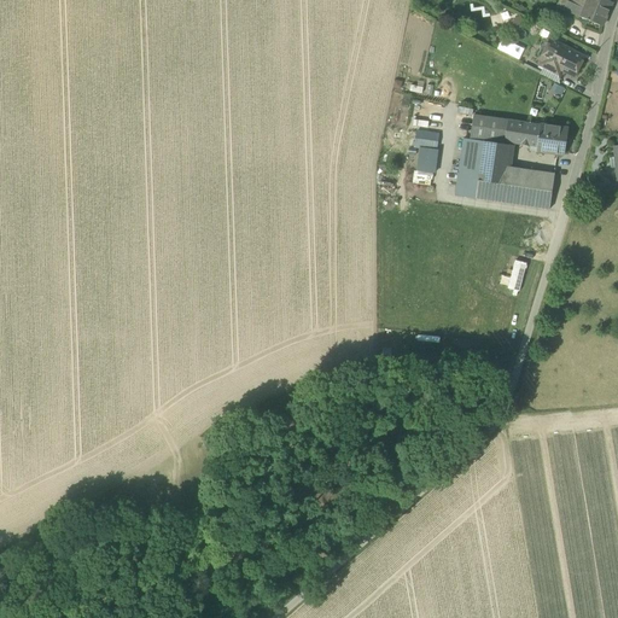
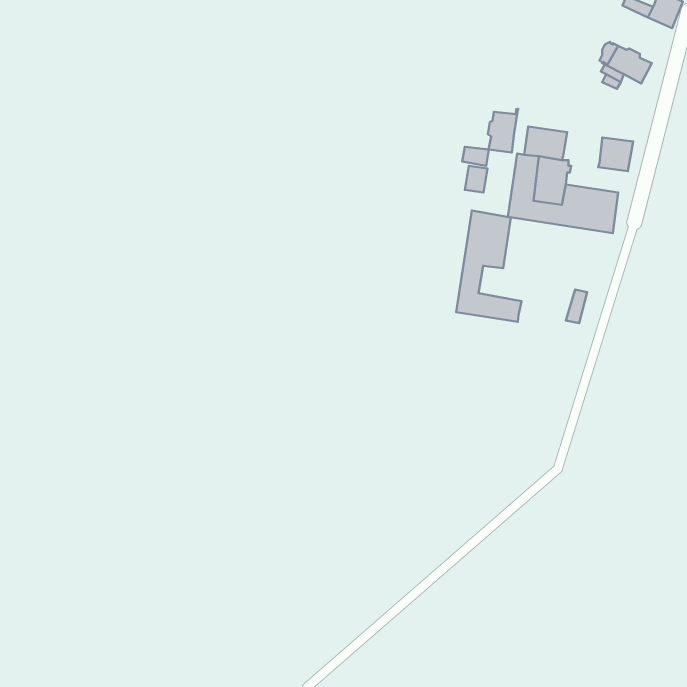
building: none -> [488,109,518,152]
building: [506,118,541,146] -> none
building: none -> [456,211,521,322]

